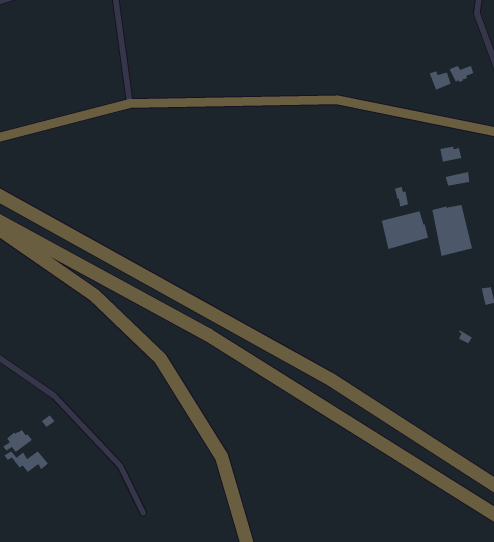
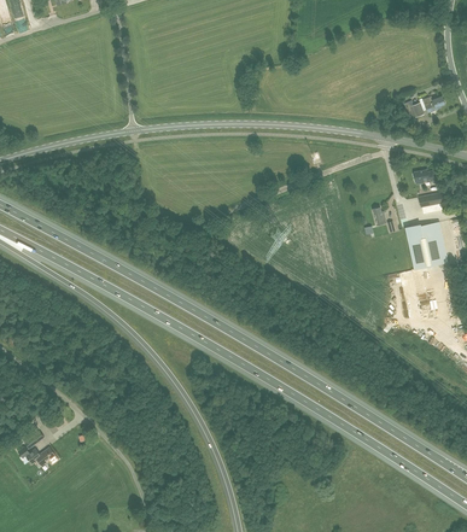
building: [381,211,429,250] -> none

